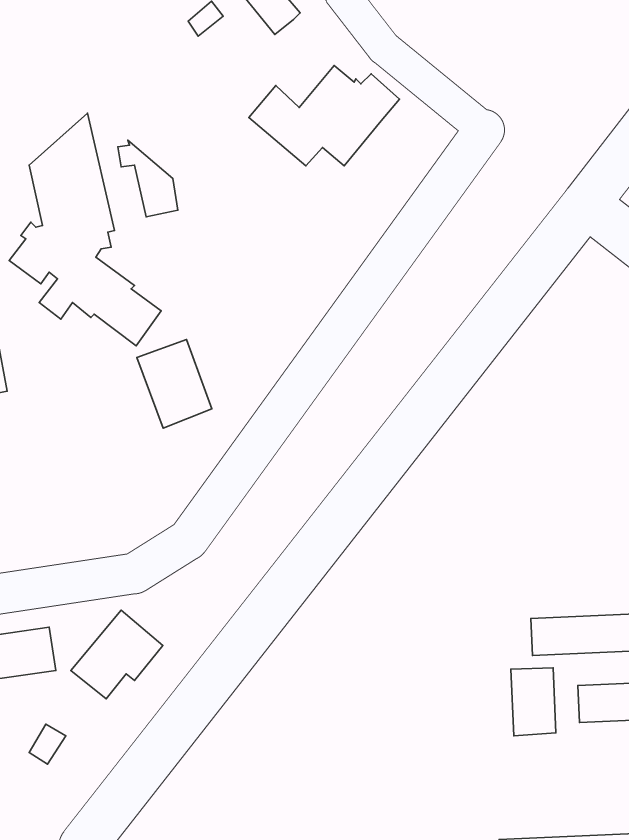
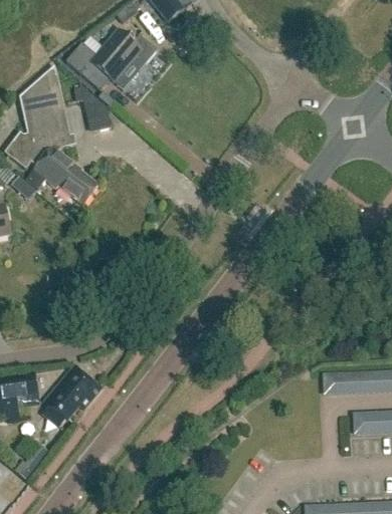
building: [249,66,399,166] -> [66,32,157,92]
building: [137,340,212,428] -> none
building: [511,668,556,736] -> none

